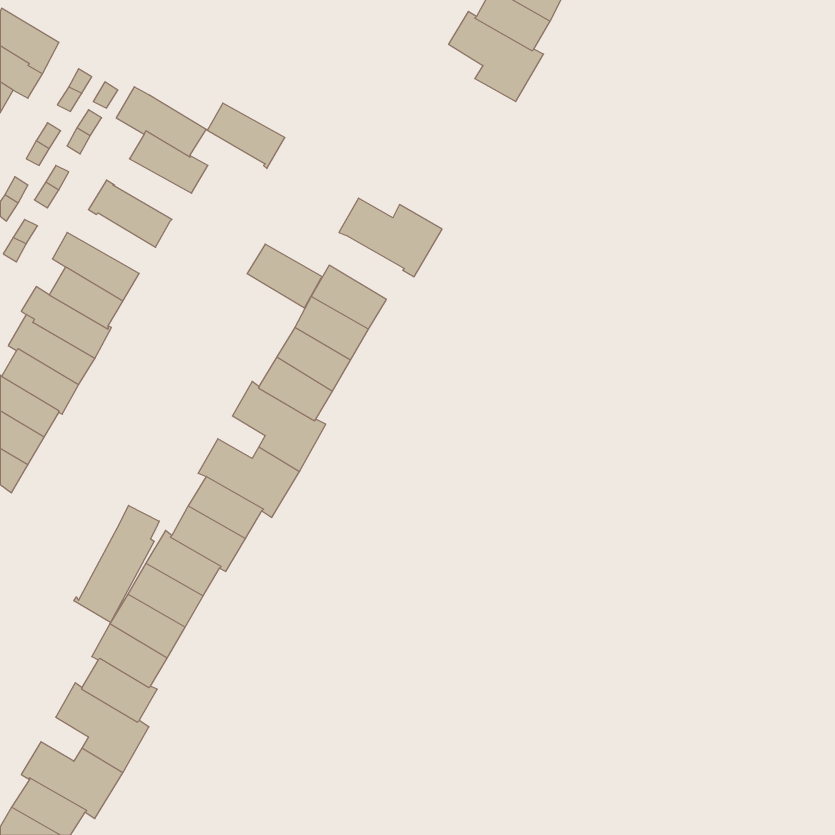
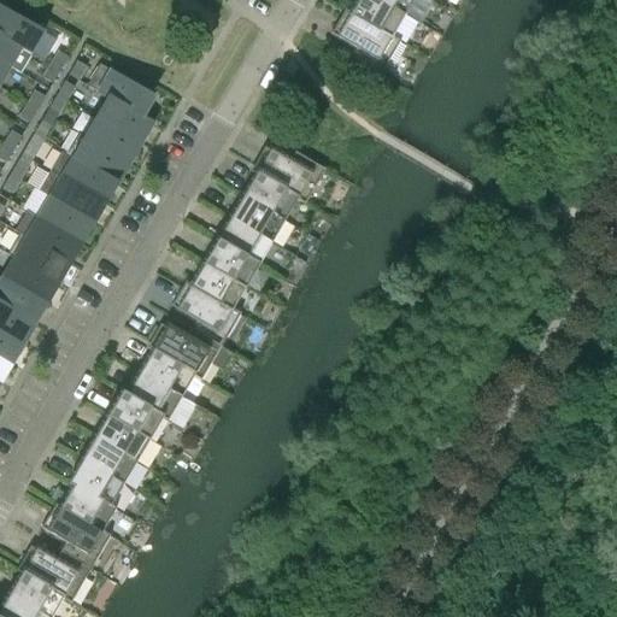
building: [206,103,285,169] -> [84,117,142,165]
building: none -> [51,152,116,201]
building: [247,244,322,308] -> [243,174,299,221]
building: [74,505,159,622] -> none

